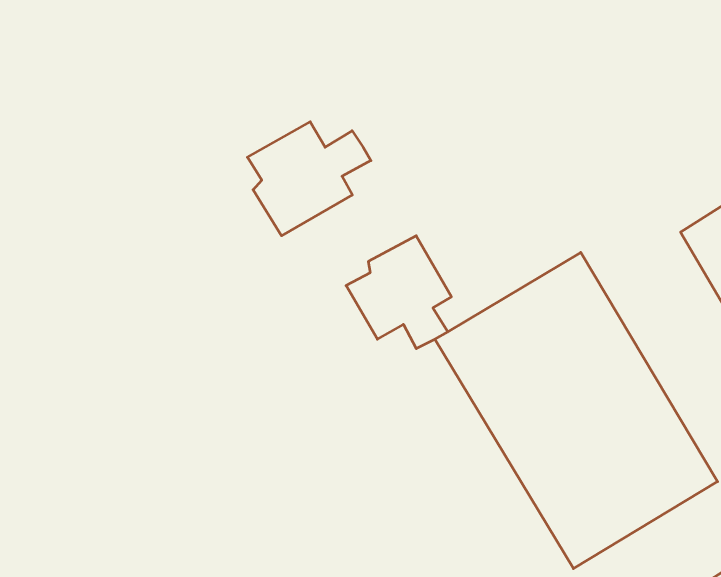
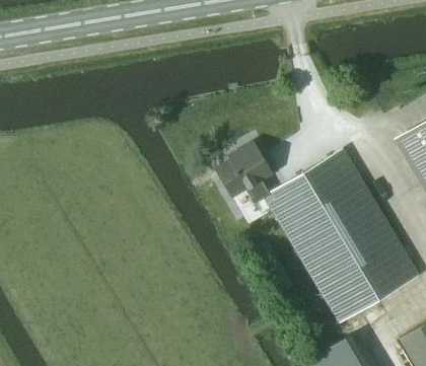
building: [247,122,371,236] -> none

